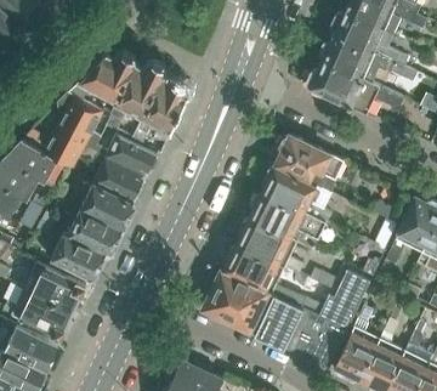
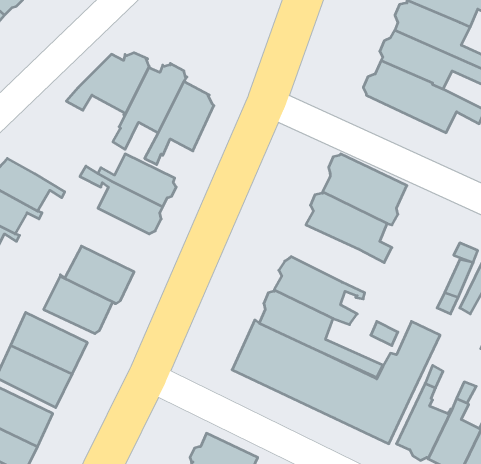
building: [42,92,102,168] -> none
building: [80,182,135,230] -> none
building: [249,192,324,249] -> none

